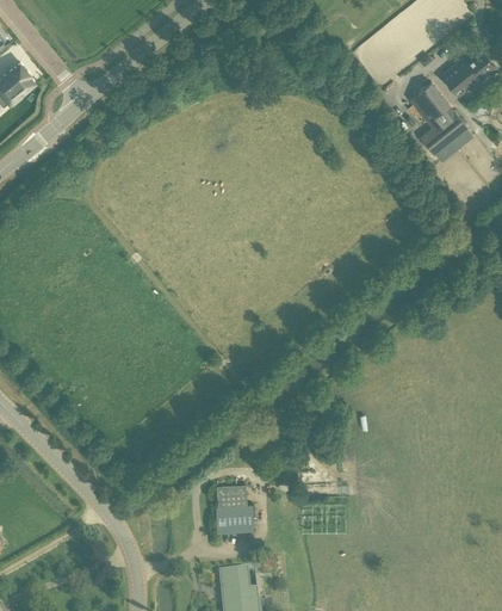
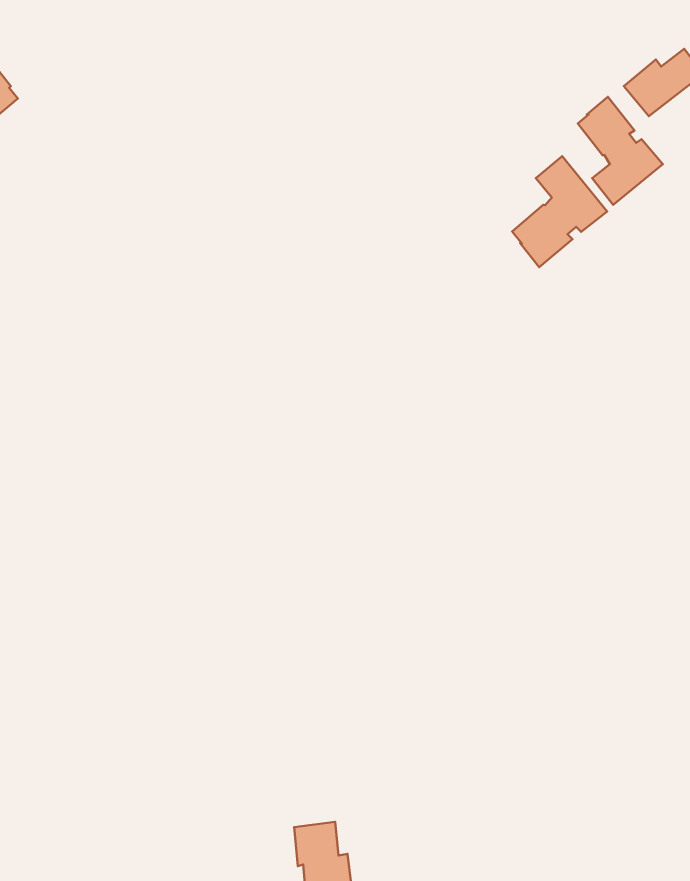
building: none -> [512,156,607,267]
building: [215,485,253,531] -> none

